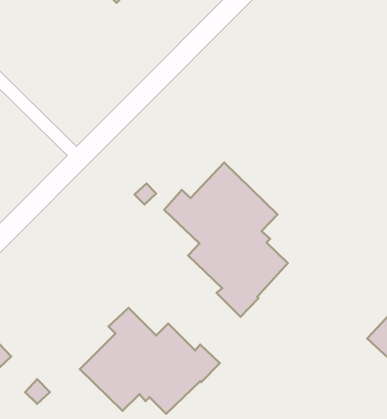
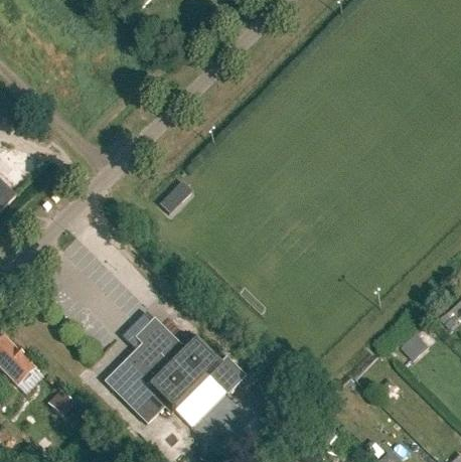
building: [164,163,288,317] -> none

